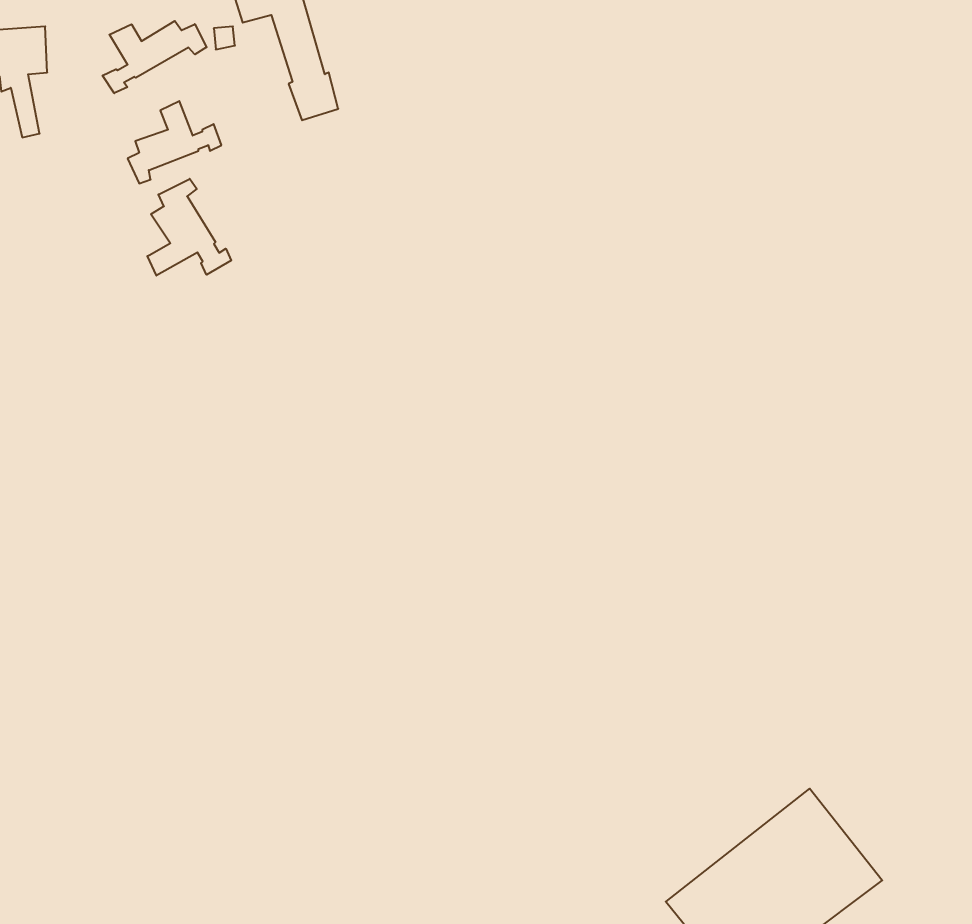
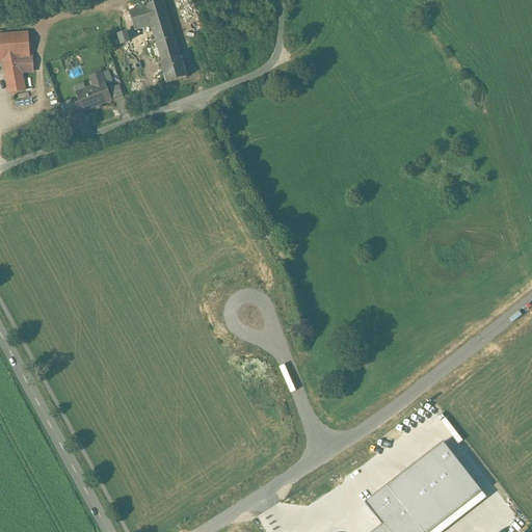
building: [103,21,207,93] -> none
building: [147,179,231,276] -> none

